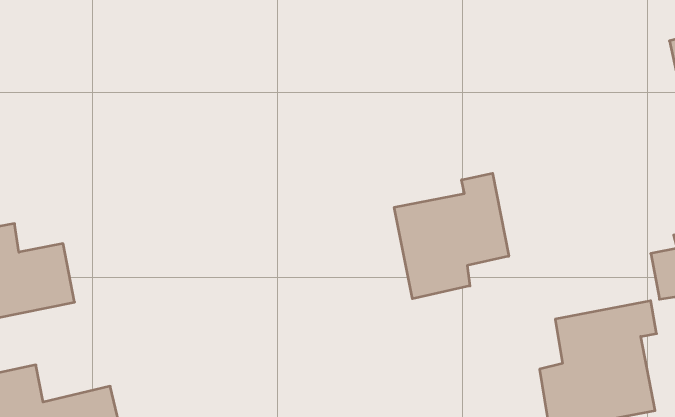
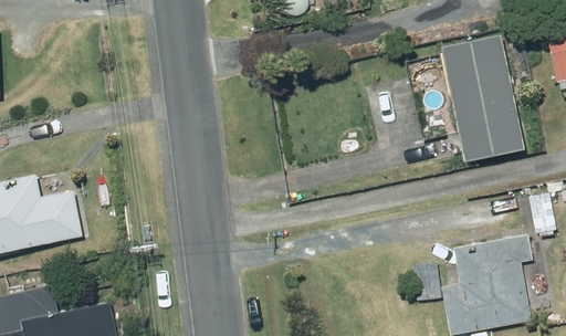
building: none -> [436,36,520,165]
building: [394,173,509,299] -> none

